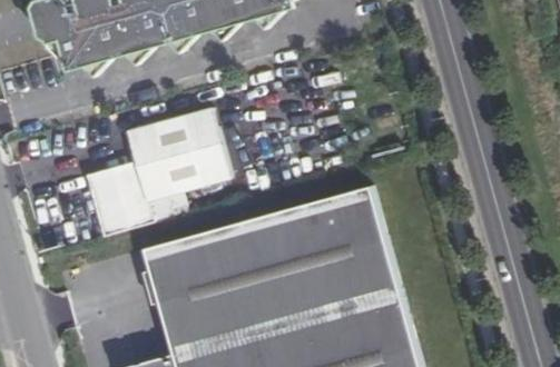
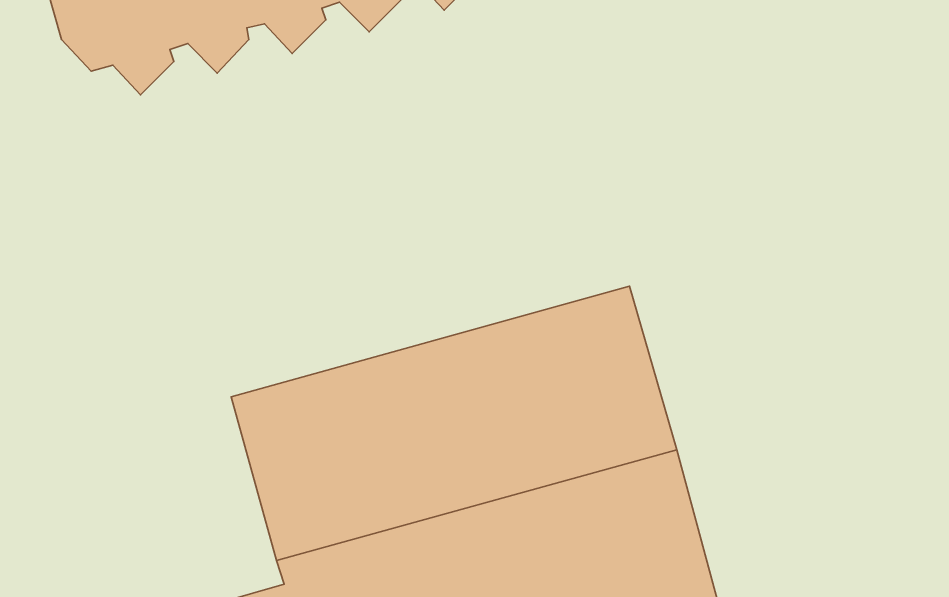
building: [86,108,229,237] -> none

